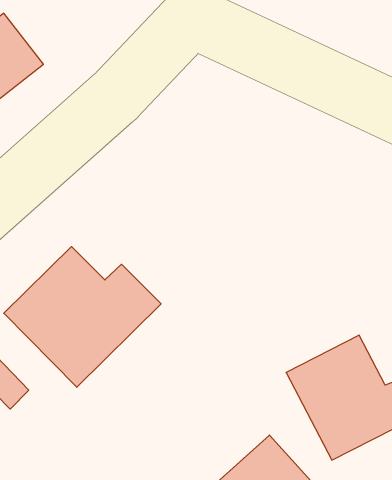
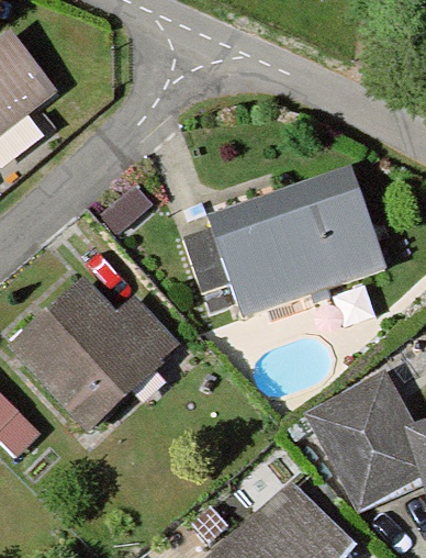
building: none -> [190,191,382,312]

